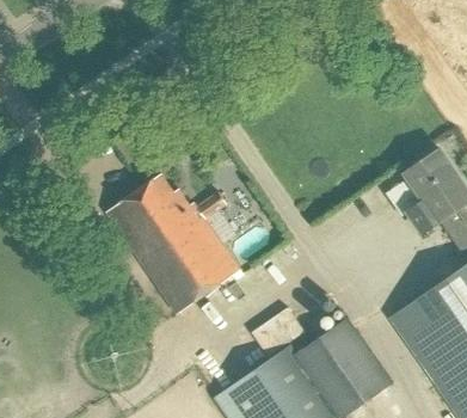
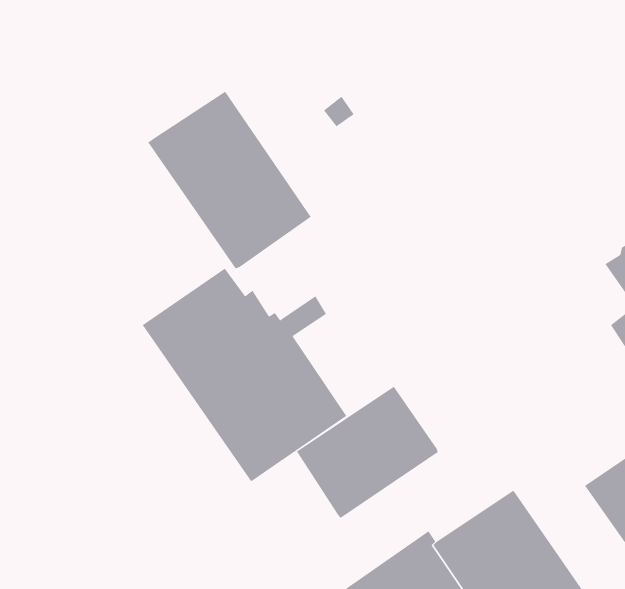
building: none -> [147,91,311,269]
building: none -> [296,386,439,519]

